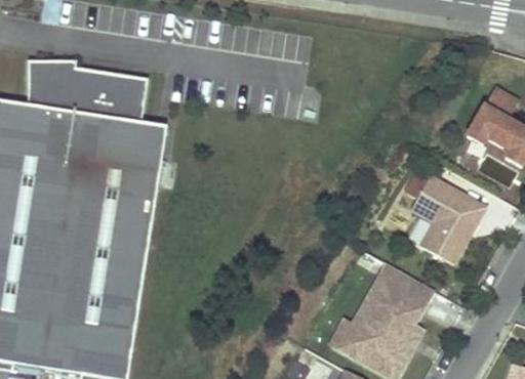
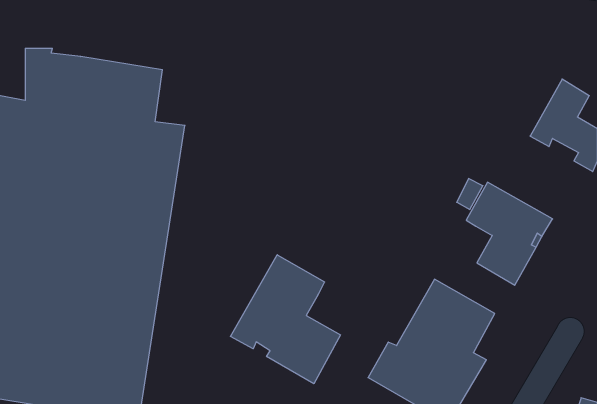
building: none -> [230,255,340,384]

